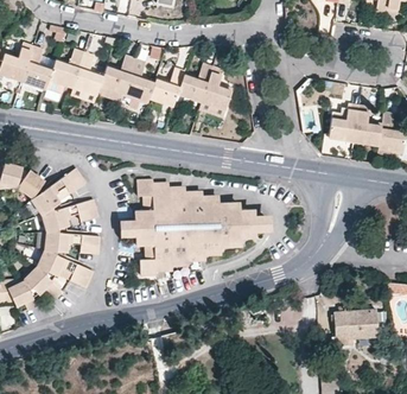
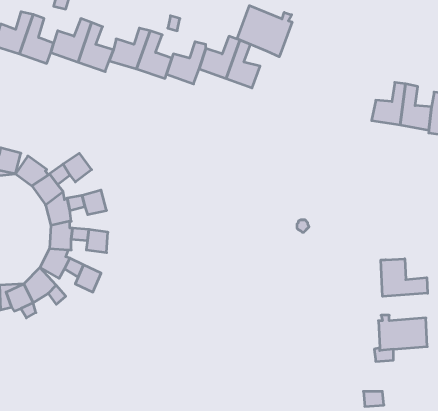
building: none -> [237,6,292,57]
building: [123,188,261,282] -> none
building: none -> [381,259,428,296]

